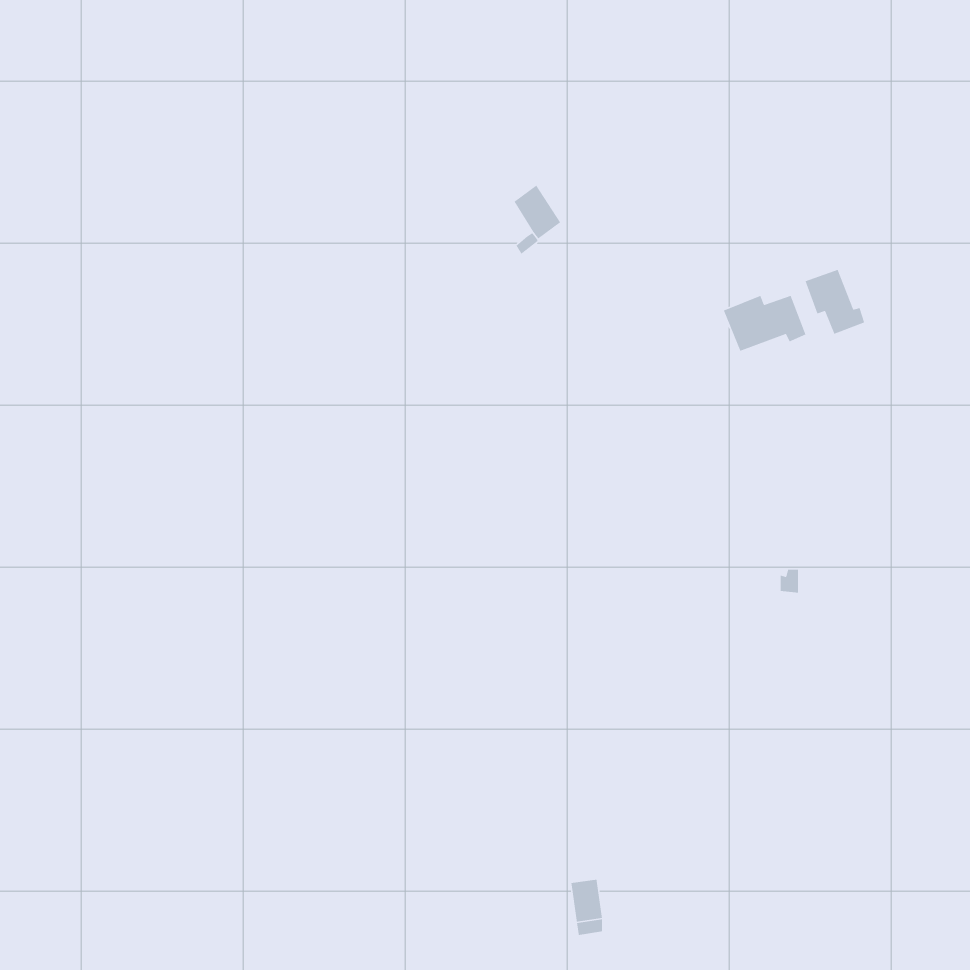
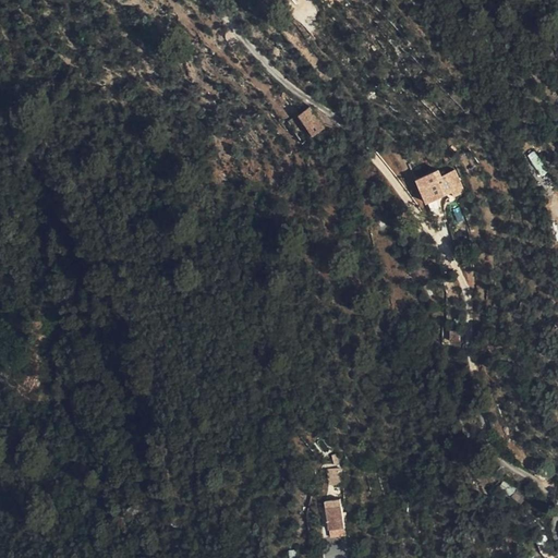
building: [805,269,865,335] -> none

